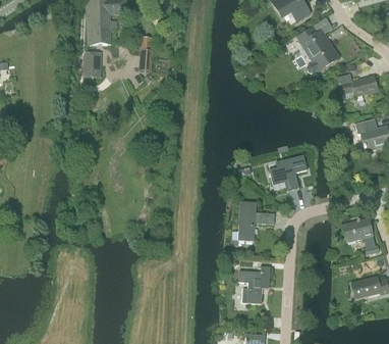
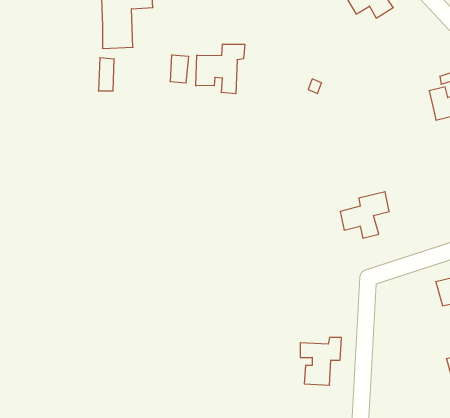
building: [297,27,338,72] -> none
building: none -> [196,44,245,94]
building: [237,201,274,241] -> none

